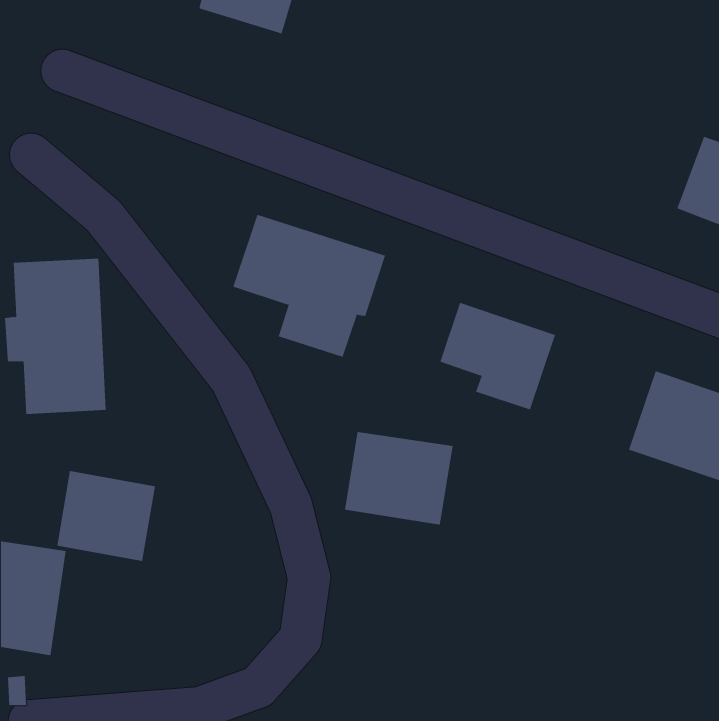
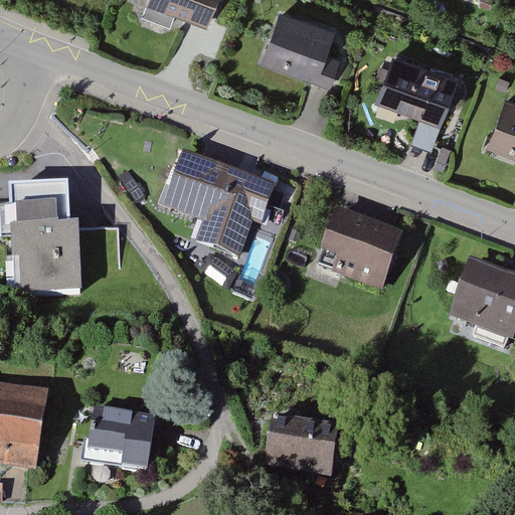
building: none -> [258,10,339,89]
building: none -> [373,55,456,127]
building: [344,432,453,525] -> [258,418,335,485]
building: [56,471,156,561] -> [88,405,158,470]

